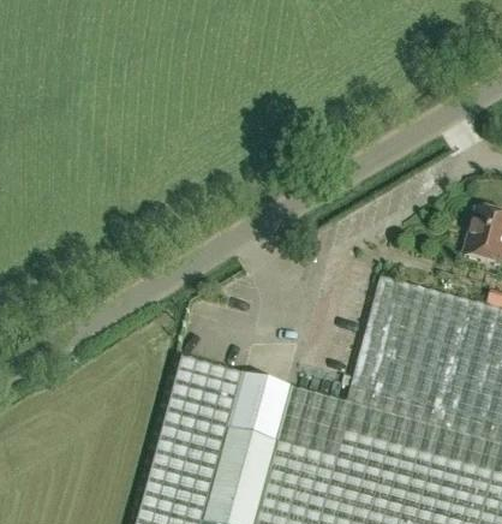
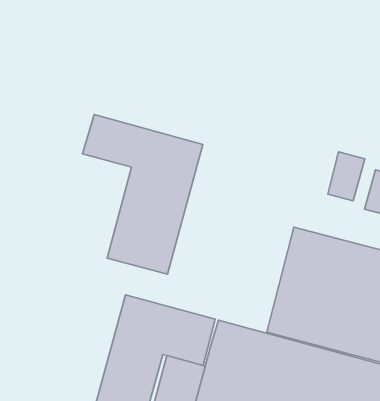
building: none -> [83,114,203,274]
building: none -> [328,152,365,201]

